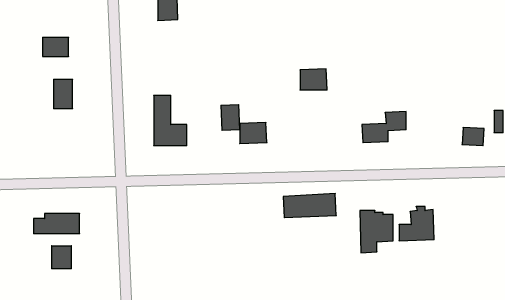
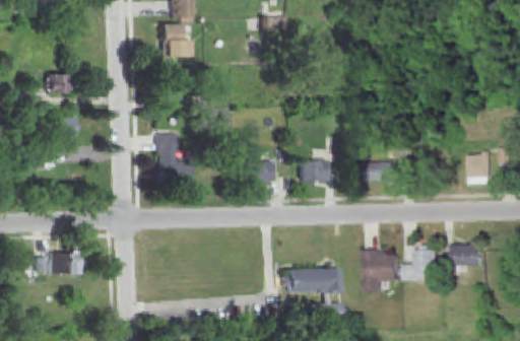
building: [300,69,327,90] -> [303,159,330,181]
building: [221,105,239,130] -> none
building: [283,194,336,218] -> [287,267,341,291]
building: none -> [455,245,485,266]
building: [52,246,71,269] -> none

